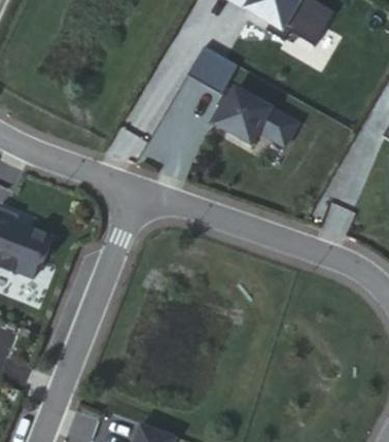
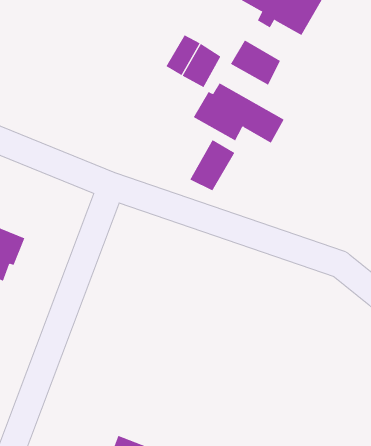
building: none -> [230,39,281,86]
building: none -> [190,139,235,191]

